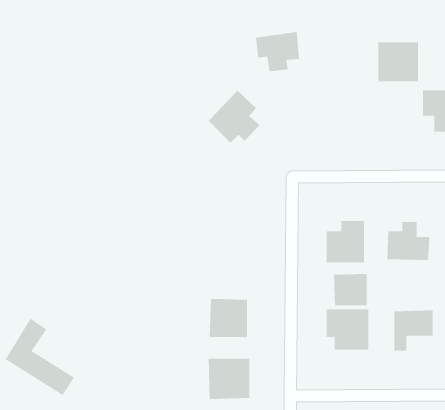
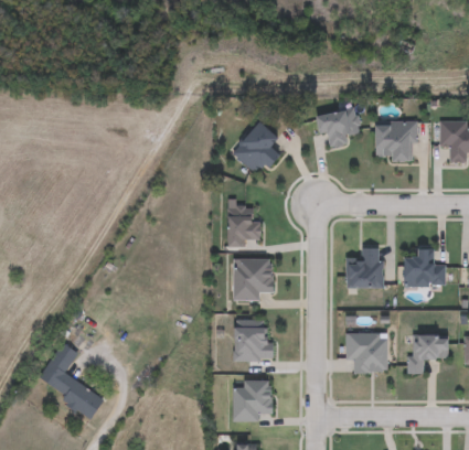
building: [255,32,300,72] -> [316,109,359,148]
building: [377,42,419,82] -> [375,122,415,161]
building: none -> [228,208,260,246]
building: none -> [233,259,271,301]
building: [334,273,367,306] -> none

